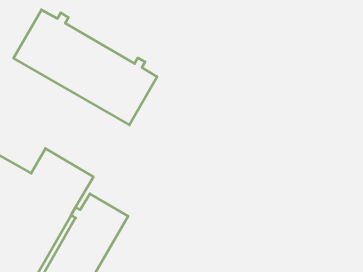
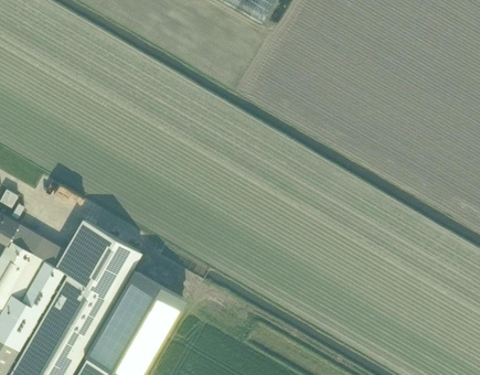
building: [14,10,157,125] -> none

